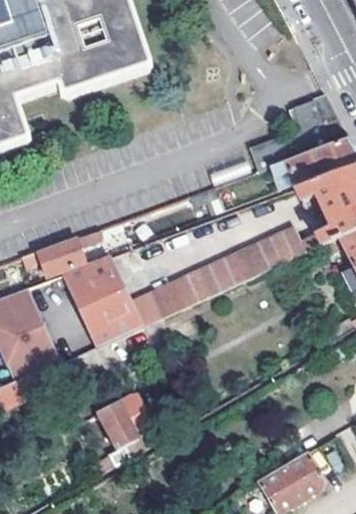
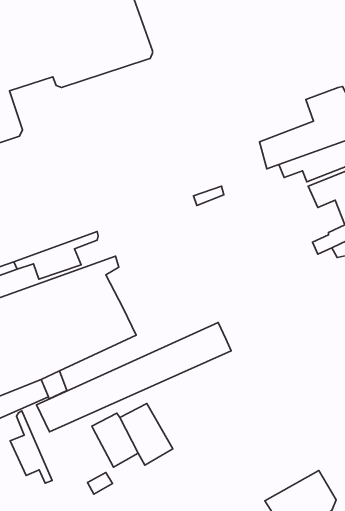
building: [124,225,305,326] -> [37,323,231,432]
building: none -> [10,411,52,483]

